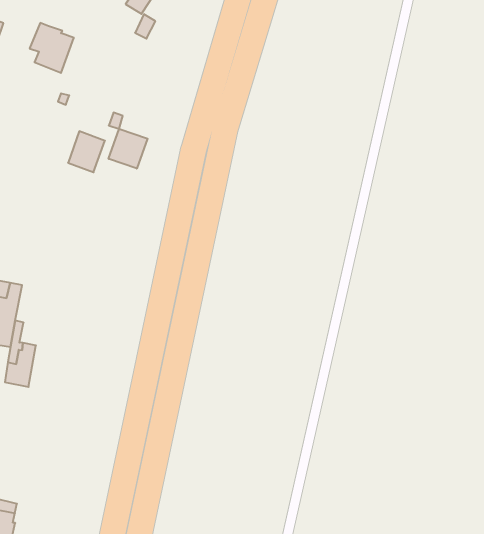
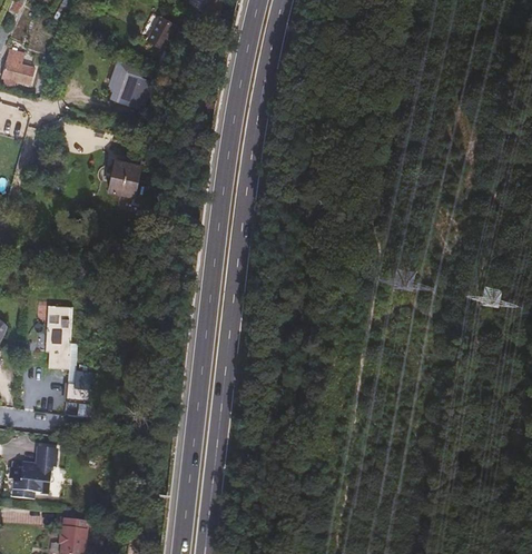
building: [30,23,74,73] -> [111,61,151,106]
building: [109,129,148,169] -> none

